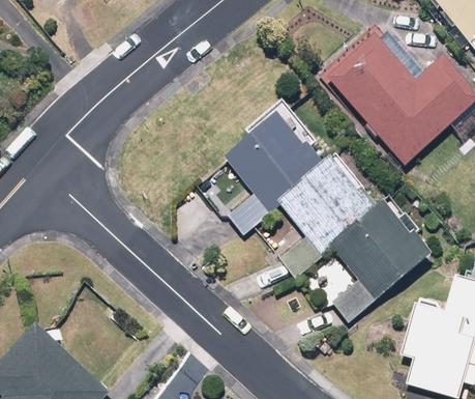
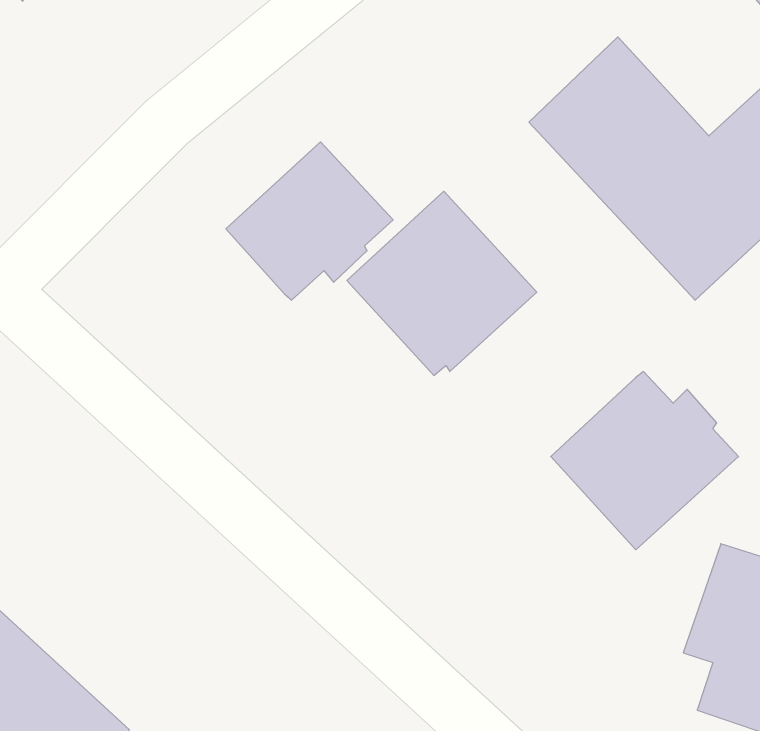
building: none -> [226,142,393,300]
building: [277,154,375,251] -> none

